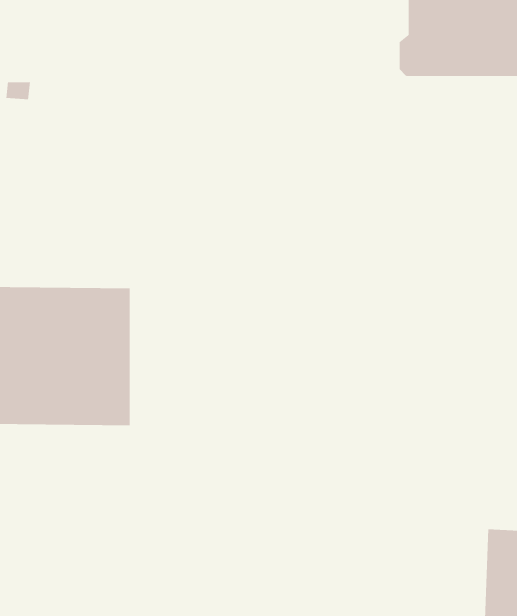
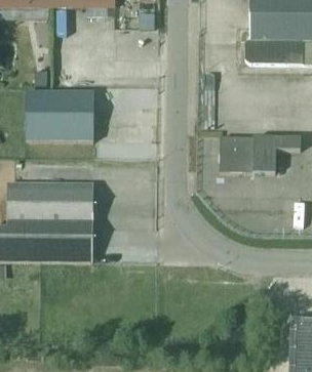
building: none -> [25,90,93,139]
building: none -> [219,136,300,172]

